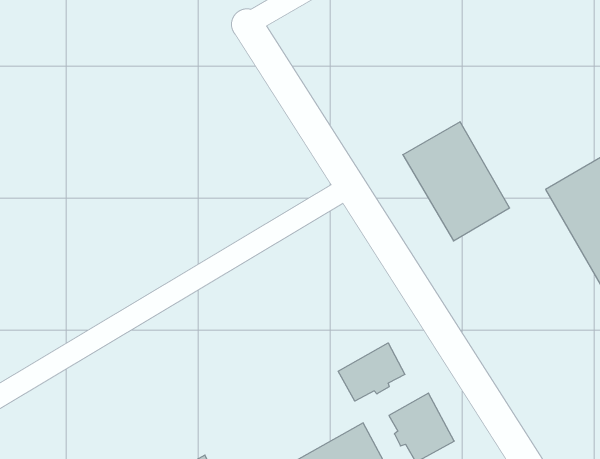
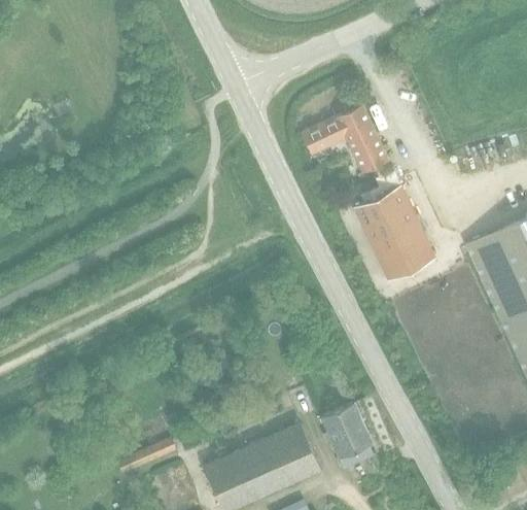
building: none -> [302,105,389,173]
building: [338,343,405,401] -> none

